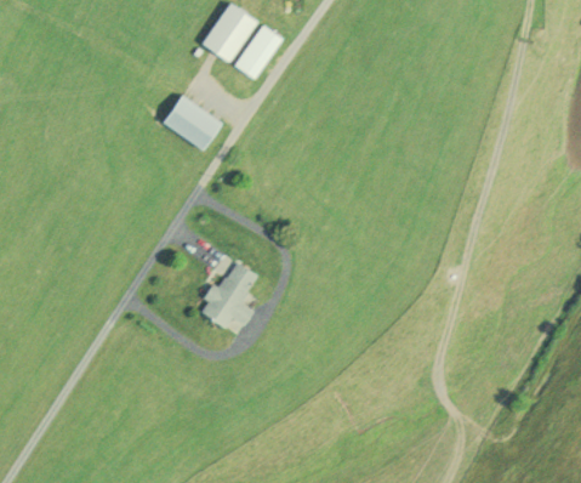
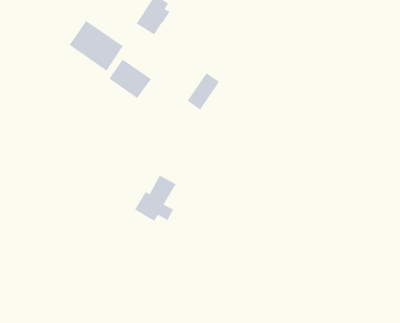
building: [234,25,281,80] -> [187,73,220,111]
building: none -> [69,20,123,72]

